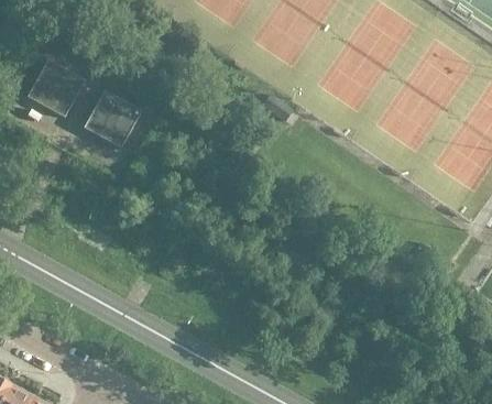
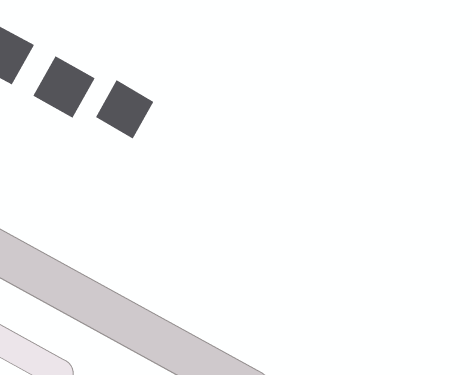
building: none -> [95,79,154,140]

